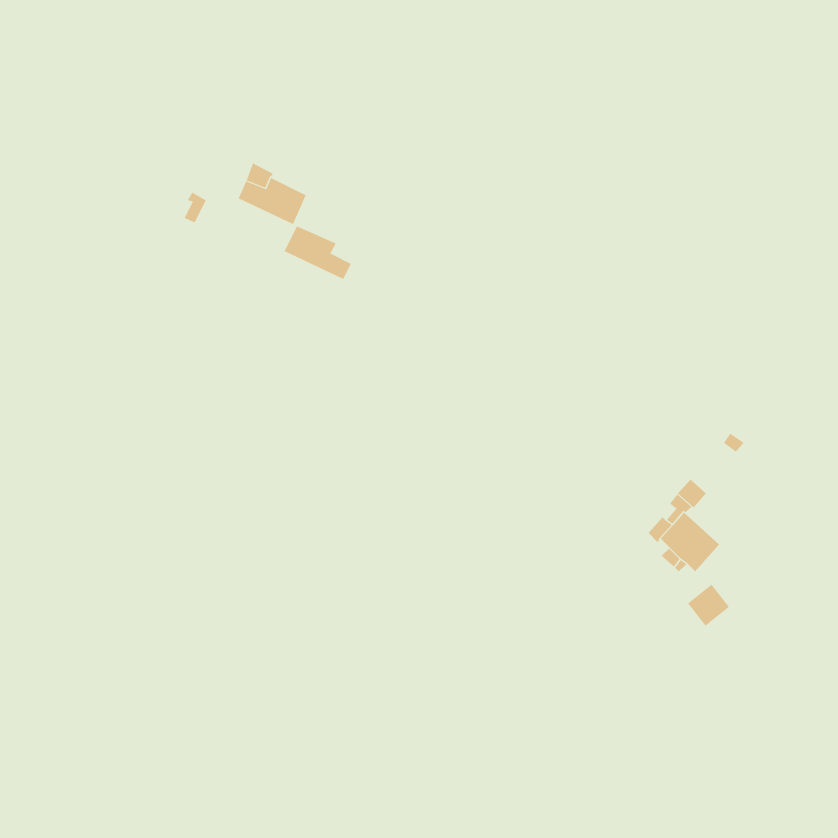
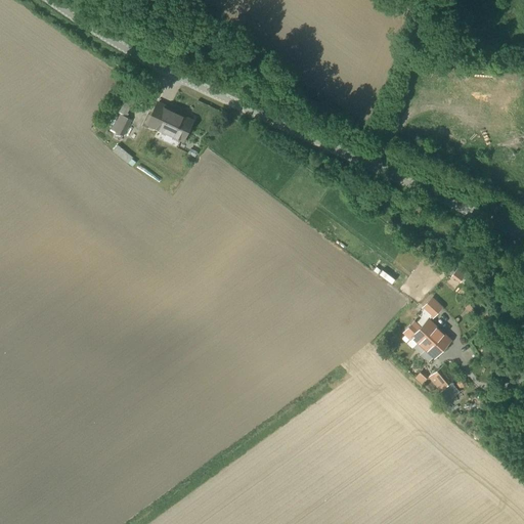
building: [284,225,351,280] -> none

